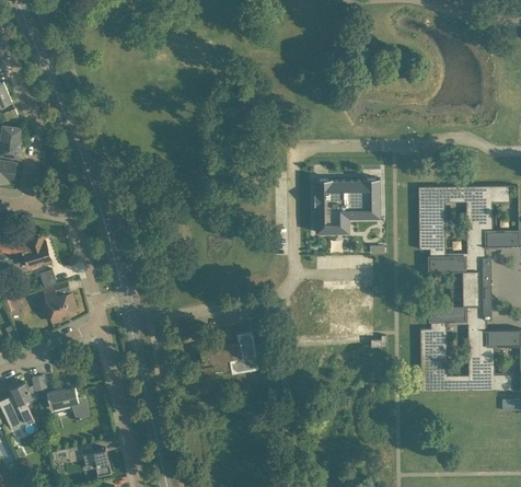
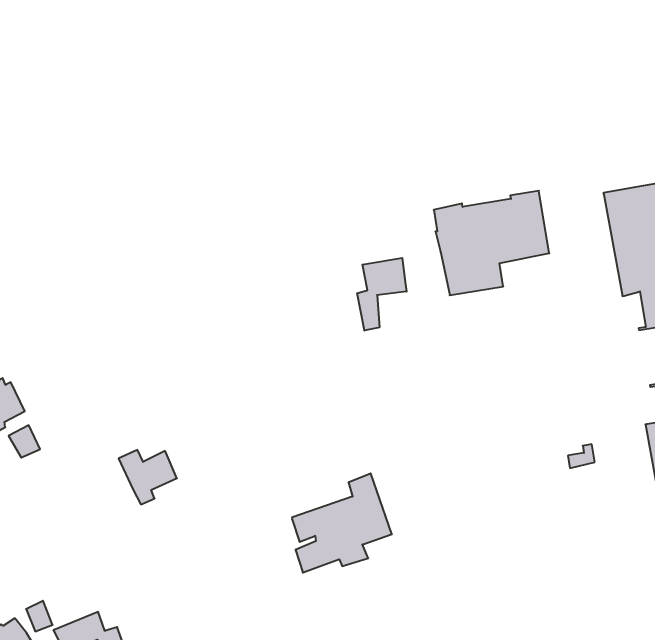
building: none -> [357,258,407,331]
building: [44,290,77,323] -> [119,450,177,504]

